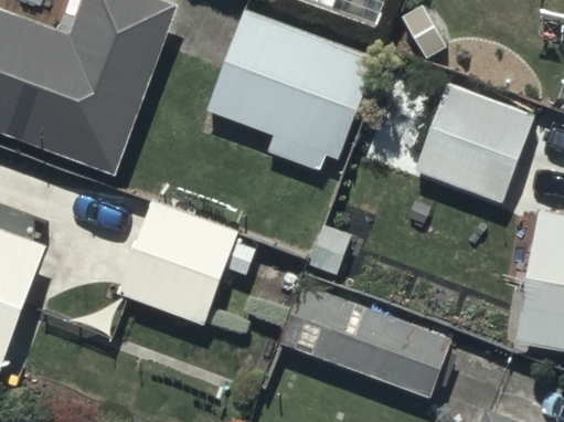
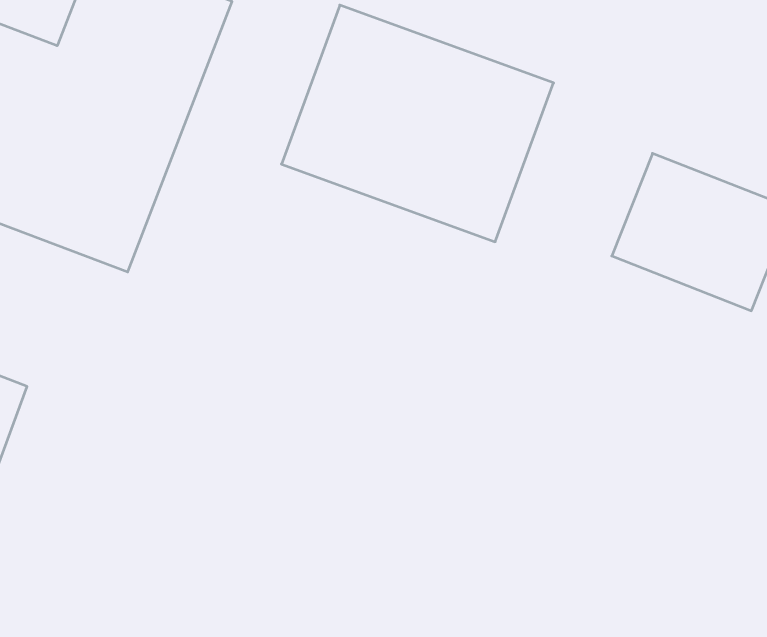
building: [117,200,237,324] -> none
building: [279,288,449,399] -> none

